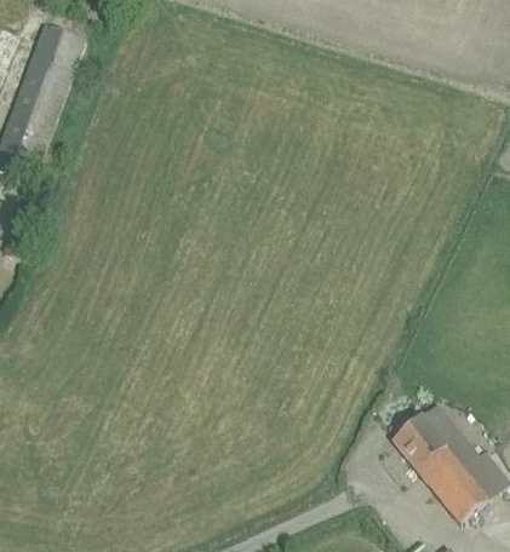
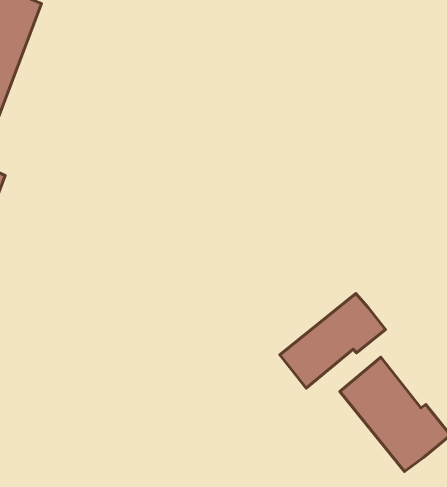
building: none -> [280,293,385,388]

